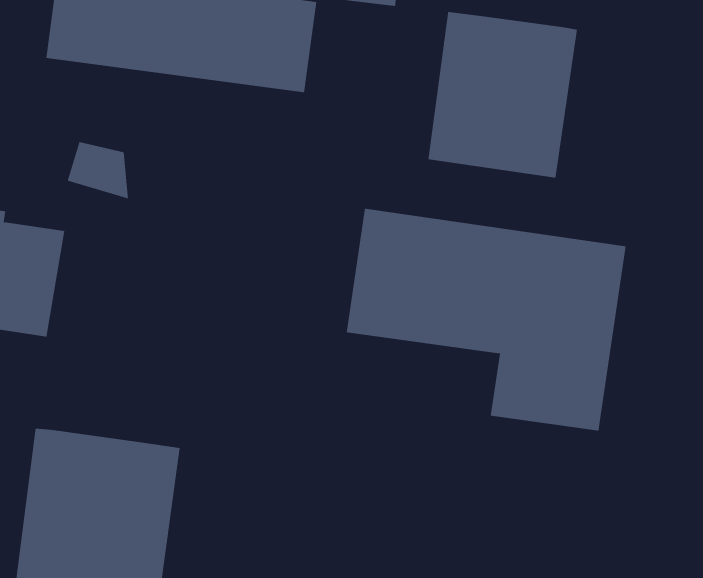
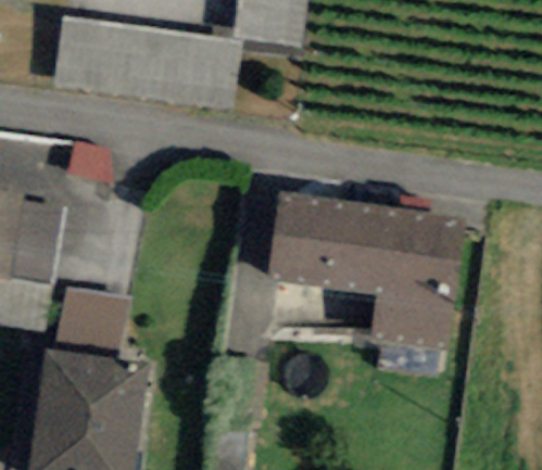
building: [428,11,578,178] -> none
building: none -> [54,287,128,358]

